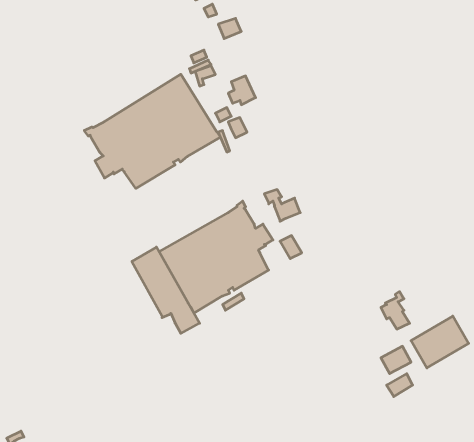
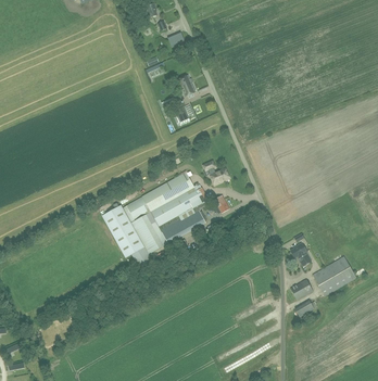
building: [84,74,220,188] -> none

